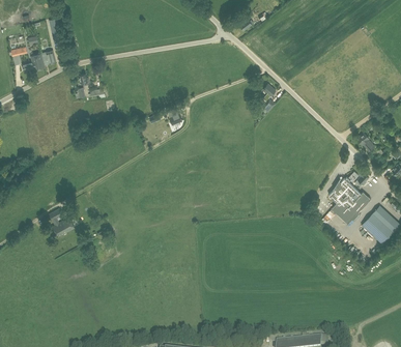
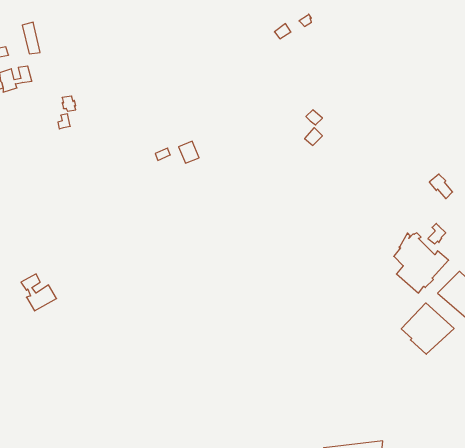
building: none -> [401,303,454,354]

